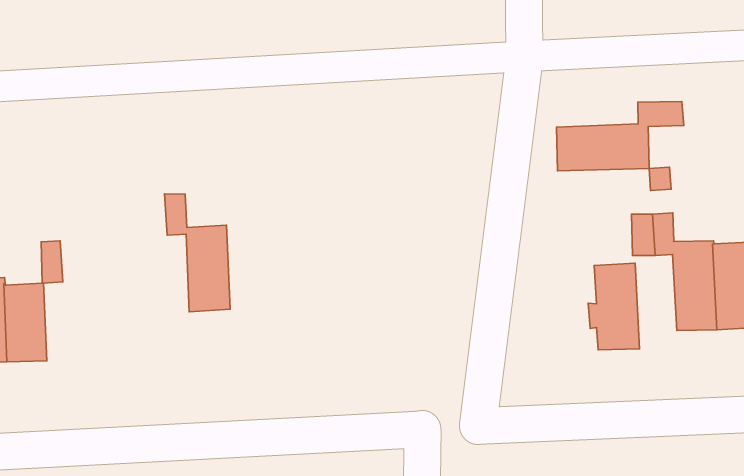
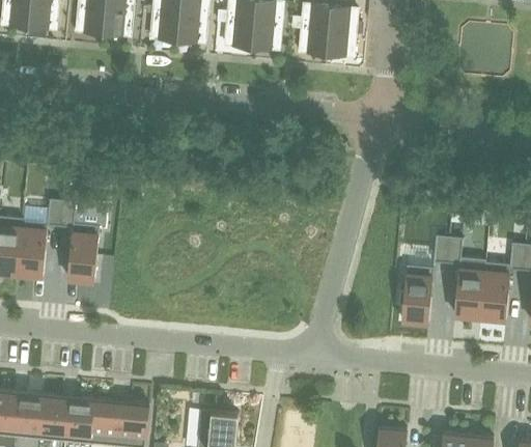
building: [557,102,684,171] -> none
building: [164,194,230,312] -> [59,199,99,280]

